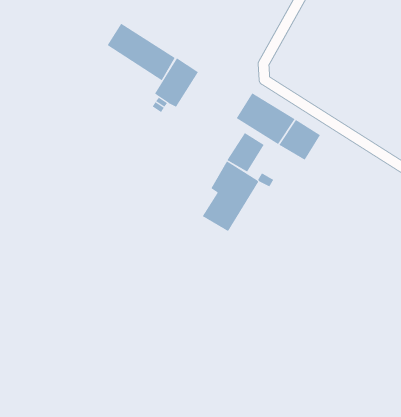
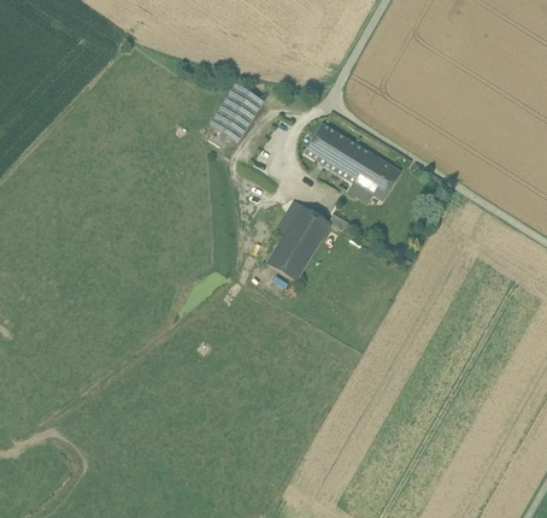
building: [107,23,175,81] -> none
building: [226,132,265,172] -> none

